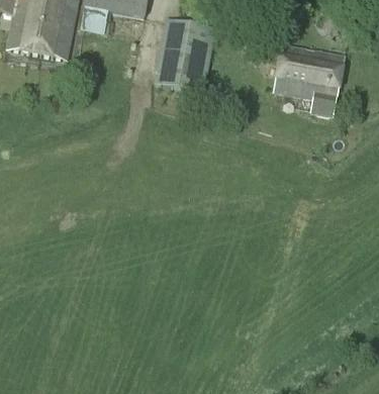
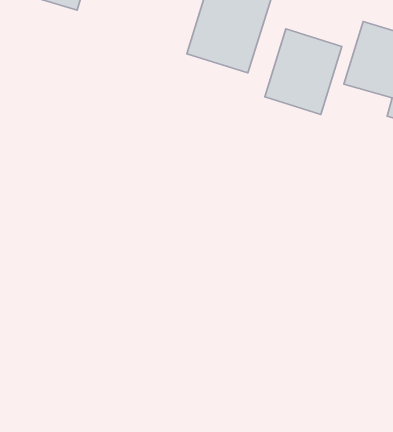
building: none -> [265,29,342,114]

